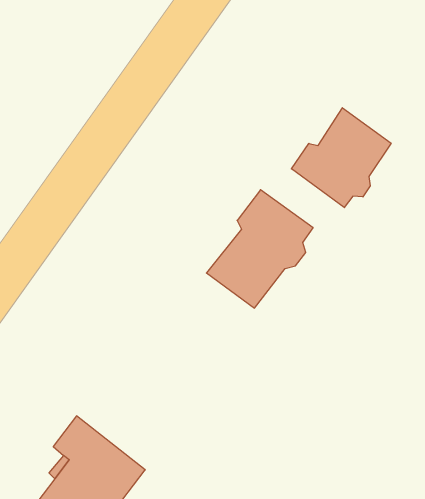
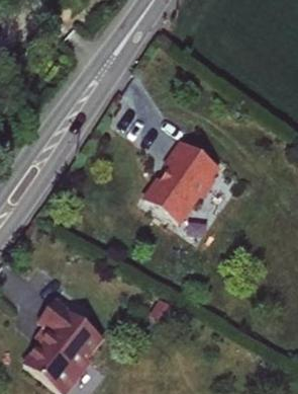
building: [291,108,391,208] -> none

